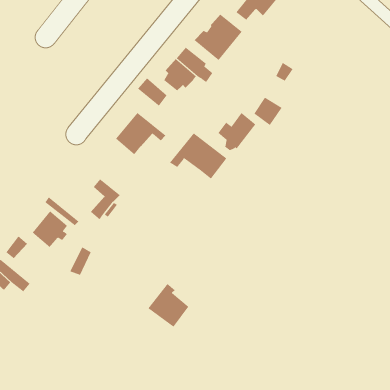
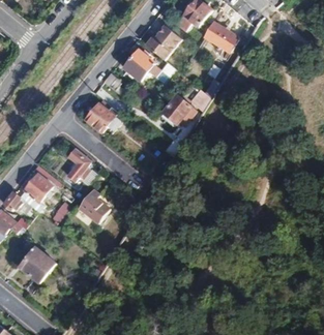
building: none -> [202,23,239,57]
building: [169,132,227,179] -> none
building: [148,283,189,328] -> [80,190,111,223]
building: none -> [22,246,57,281]

